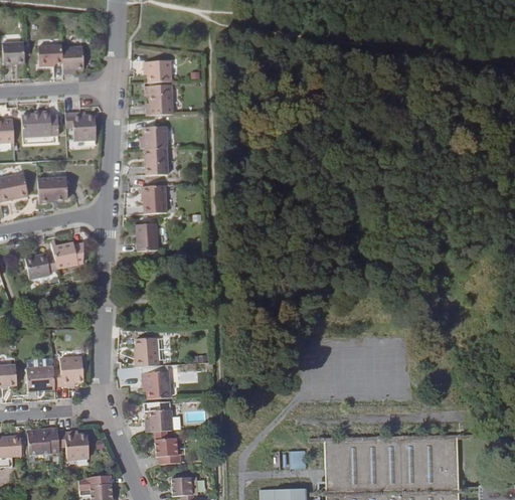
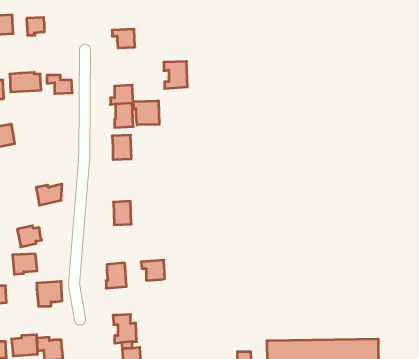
building: [62,52,83,75] -> none
building: [145,85,173,117] -> [164,61,187,89]
building: none -> [133,101,159,125]
building: [37,179,67,203] -> none
building: [138,224,159,253] -> [113,201,131,225]
building: [28,255,57,280] -> [17,226,42,247]
building: [26,370,55,394] -> [13,254,37,274]
building: [142,376,170,400] -> [141,260,165,280]

